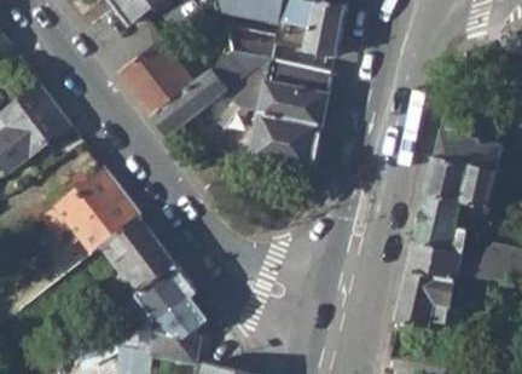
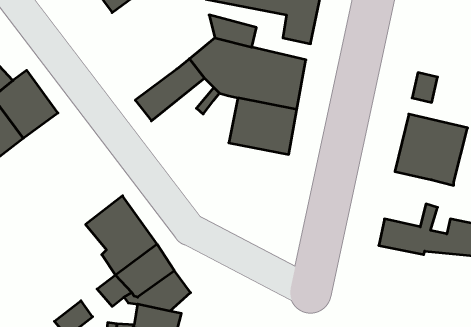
building: [120,40,195,115] -> none
building: [23,167,138,277] -> none
building: [412,190,485,248] -> none
building: [395,267,453,326] -> none

